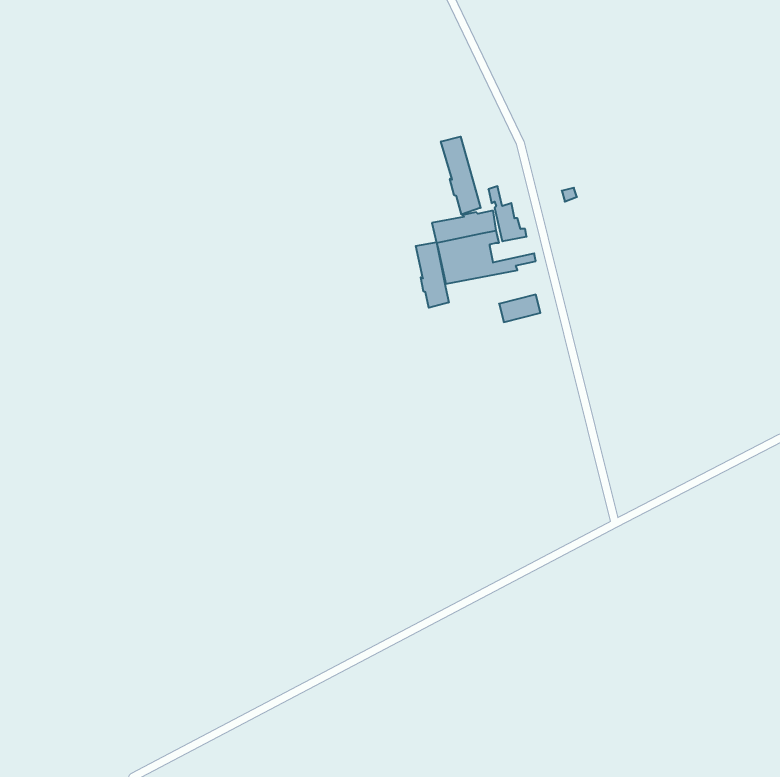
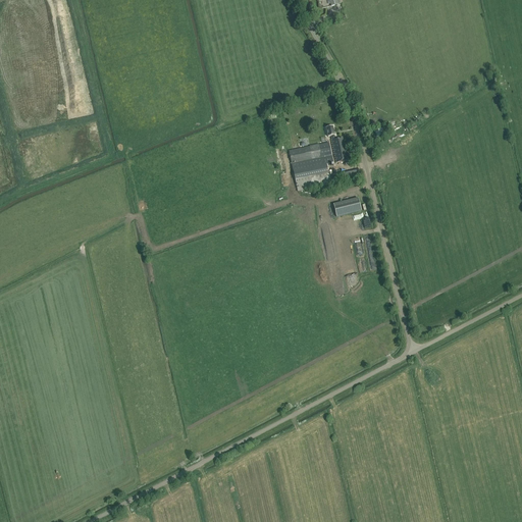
building: [441,137,481,215] -> none
building: [416,242,449,308] -> none

